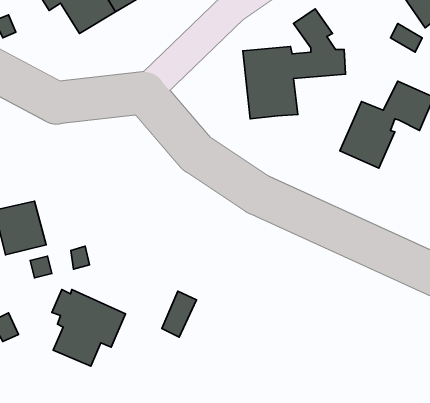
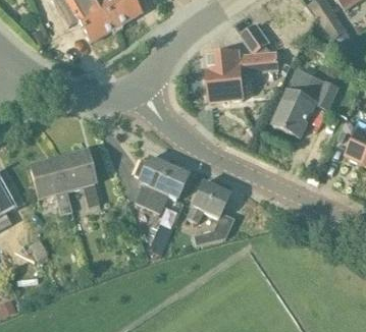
building: none -> [59,152,95,189]
building: none -> [188,182,236,244]
building: [52,289,125,366] -> [135,158,187,212]

